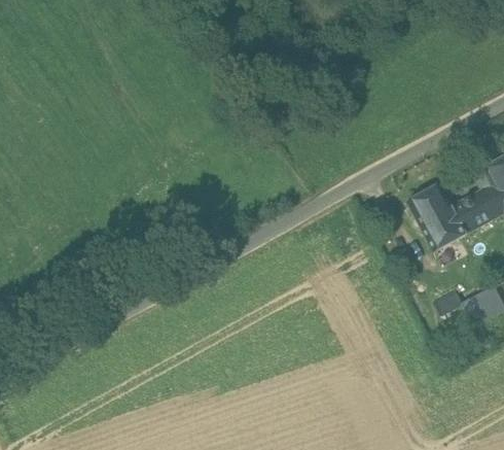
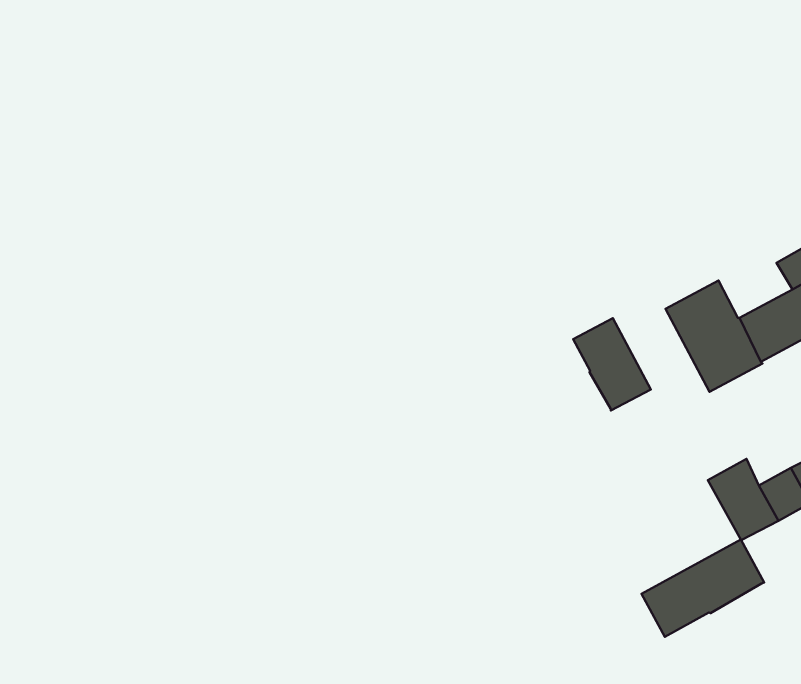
building: none -> [573,318,651,411]
building: none -> [642,540,764,637]

